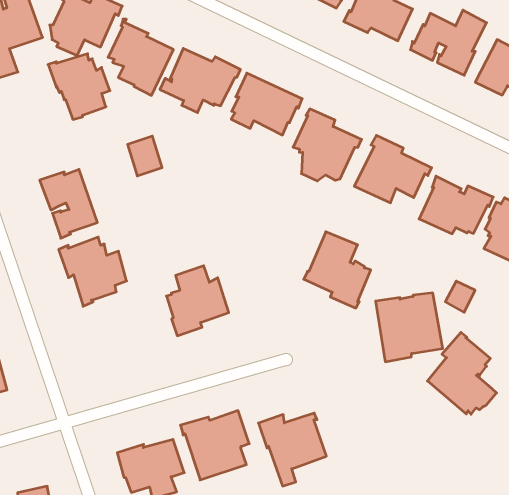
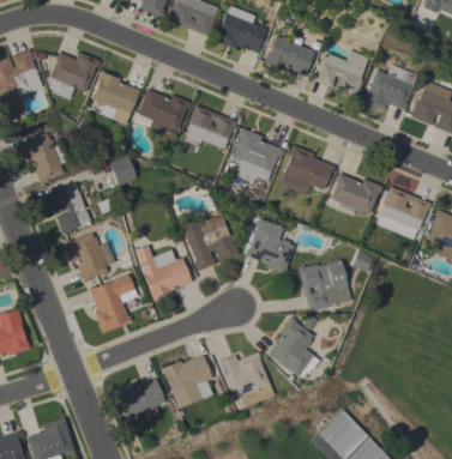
building: [48,54,110,119] -> [19,134,66,183]
building: none -> [182,213,239,270]
building: none -> [88,273,134,332]
building: [427,332,497,414] -> [267,316,319,376]

